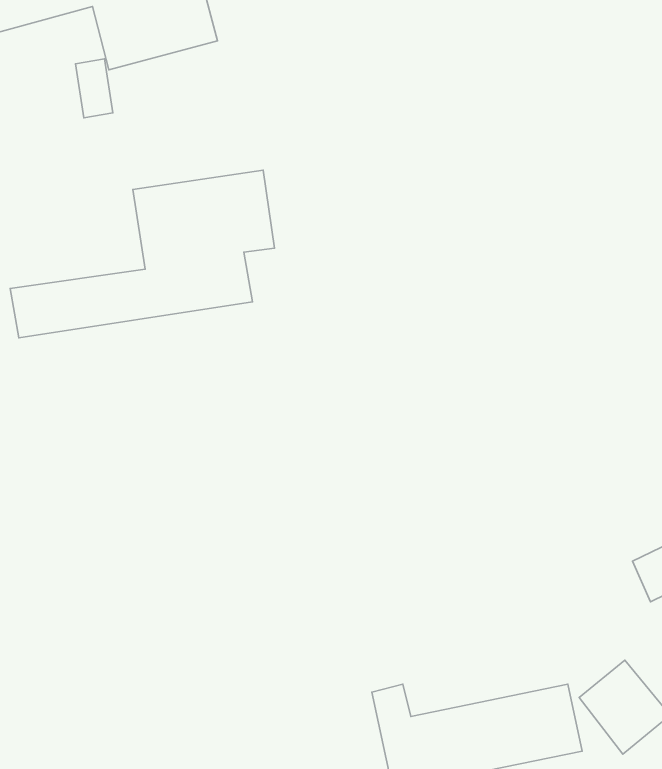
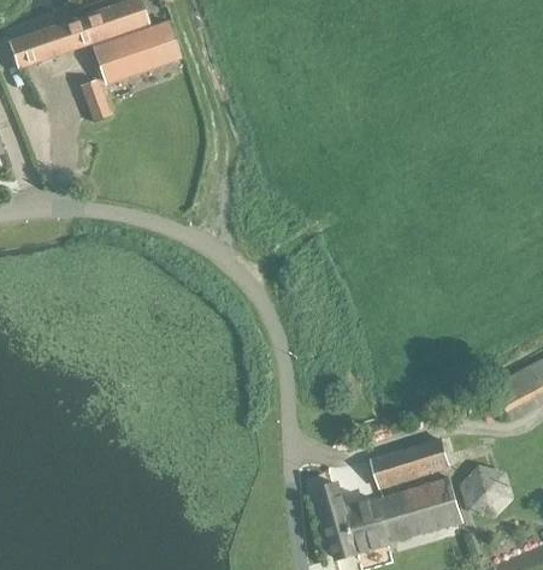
building: [10,170,274,338] -> none
building: none -> [372,440,451,489]

